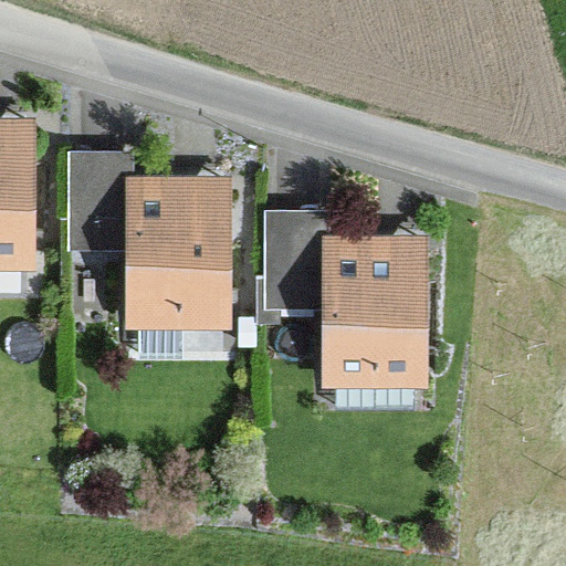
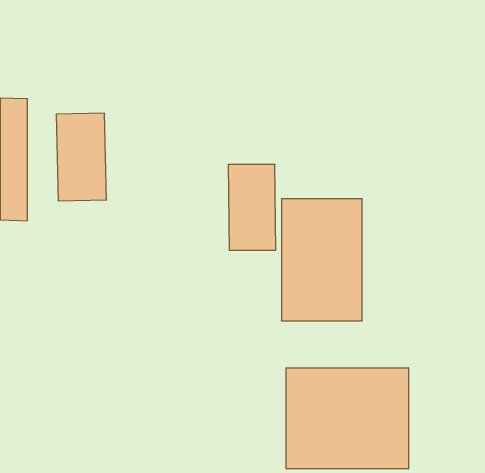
building: [134,188,229,329] -> none
building: none -> [286,368,409,469]

